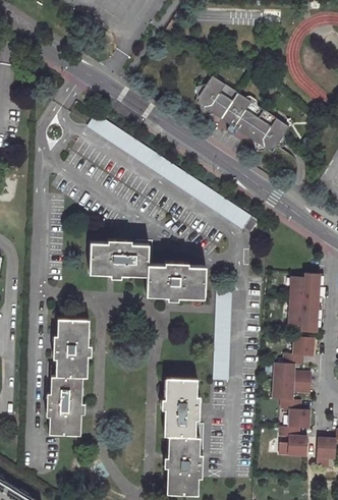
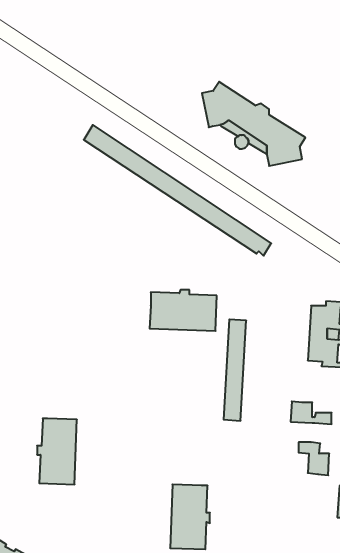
building: [89,240,149,277] -> none
building: [52,321,89,379] -> none
building: [283,336,313,365] -> none
building: [163,380,198,438] -> none
building: [272,381,309,399] -> none
building: [277,427,306,455] -> none

